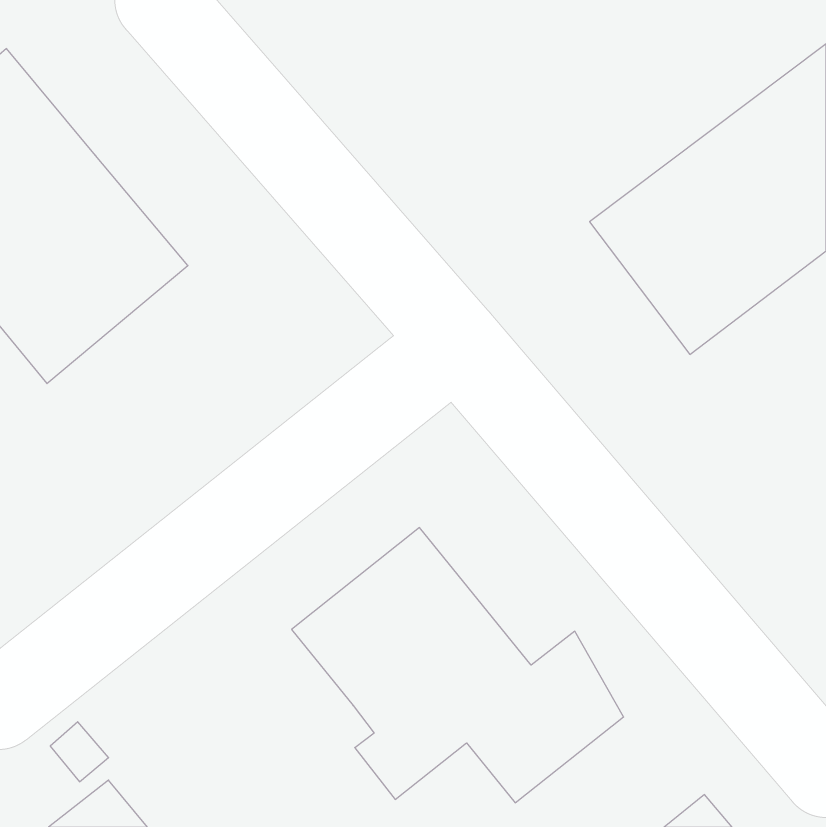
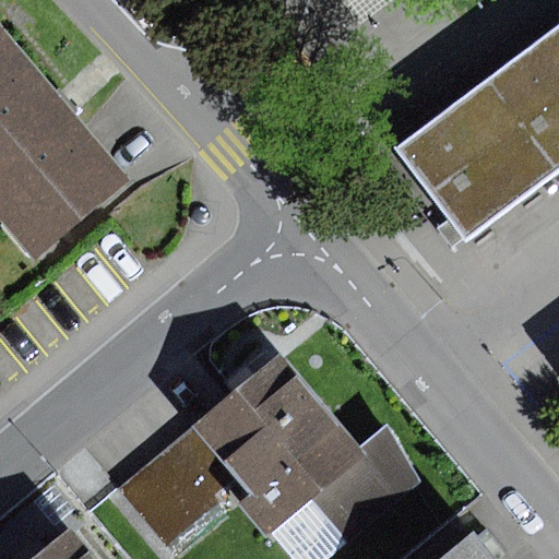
building: none -> [118,425,238,546]

